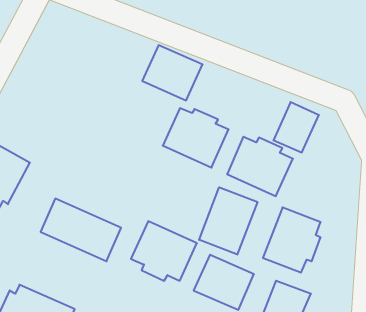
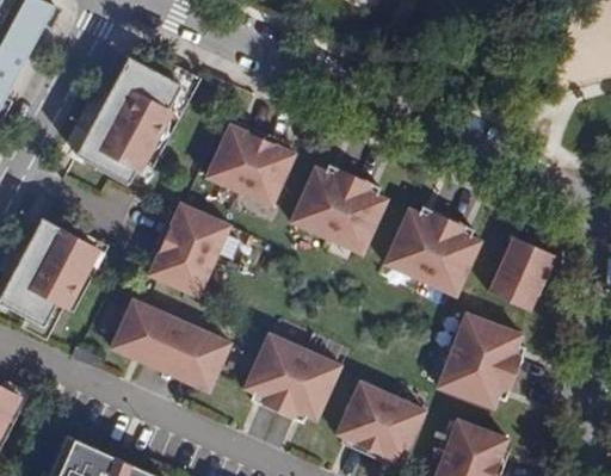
building: none -> [75,56,193,183]
building: [142,45,203,100] -> [206,124,295,205]
building: [273,102,319,152] -> [487,236,554,310]
building: none -> [148,203,229,296]
building: [199,187,257,255] -> none

